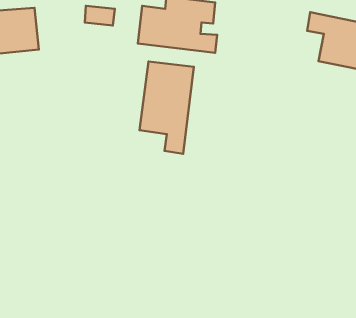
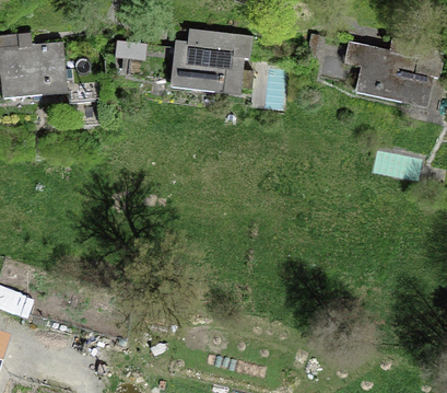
building: [140,62,194,154] -> none

